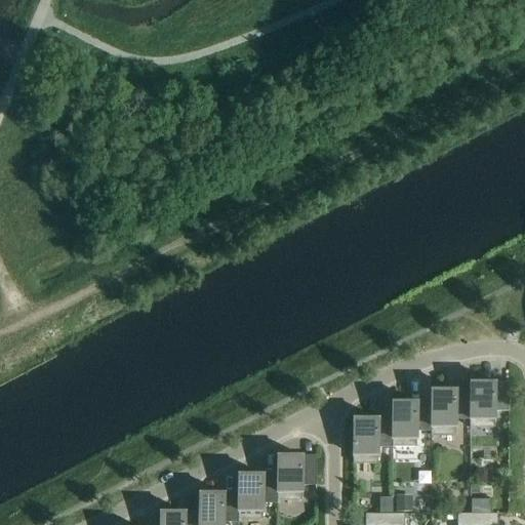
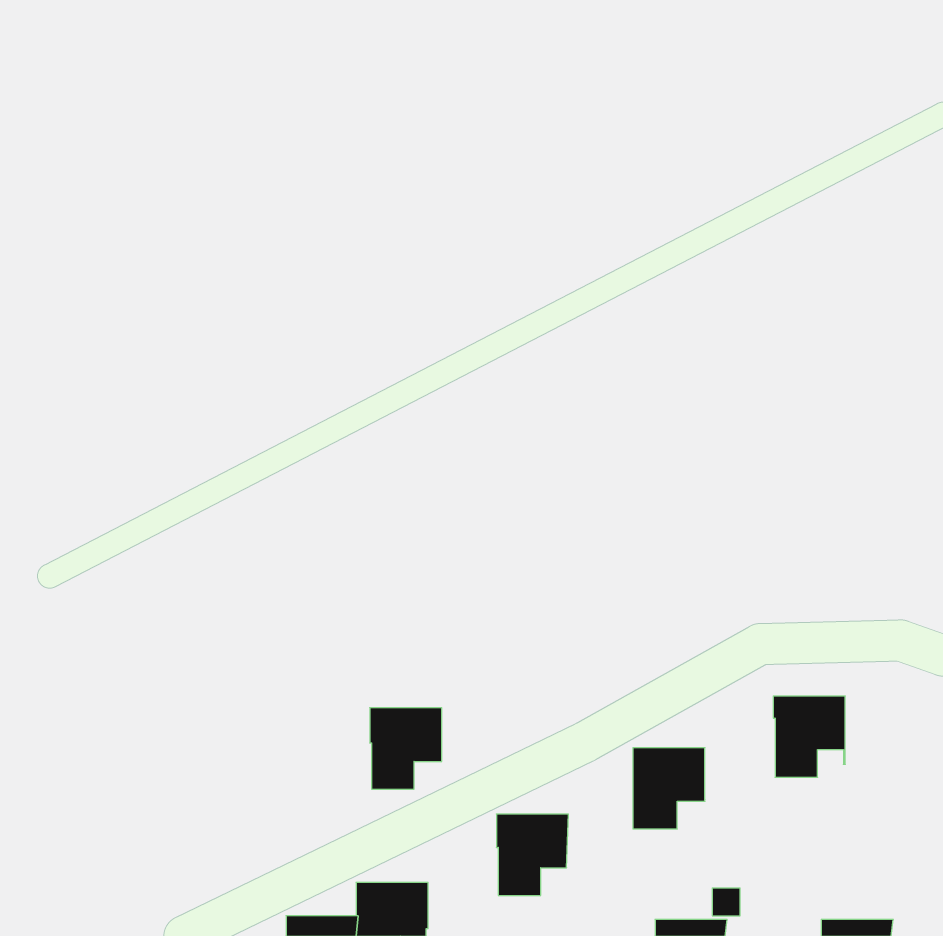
building: [469,378,509,425] -> none
building: [391,399,431,444] -> none
building: [237,471,277,516] -> [370,708,442,789]

